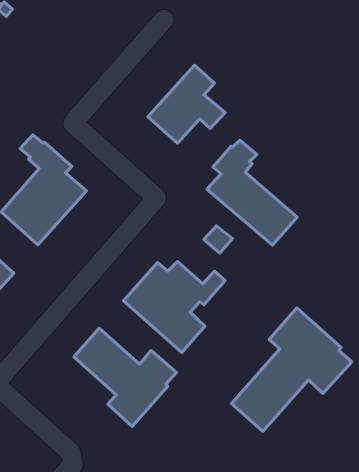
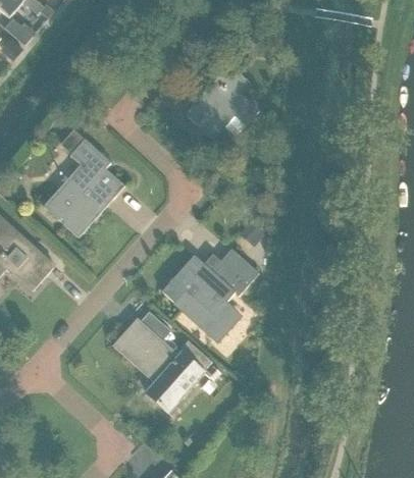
building: [207,140,297,245] -> none
building: [232,308,352,431] -> none

